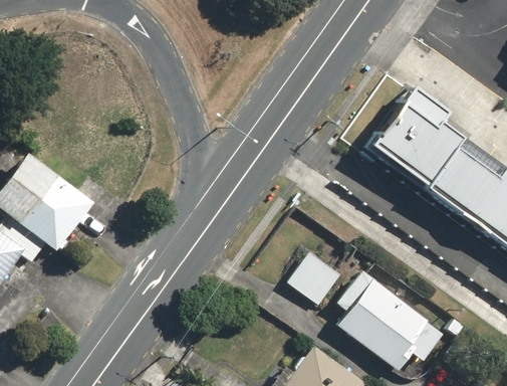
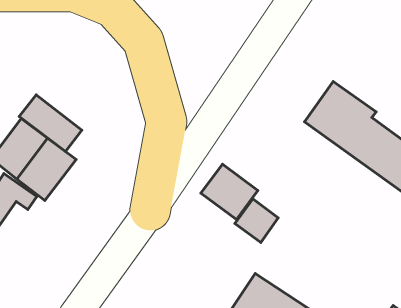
building: none -> [19,95,82,152]
building: none -> [201,164,258,220]
building: [335,268,445,372] -> none

